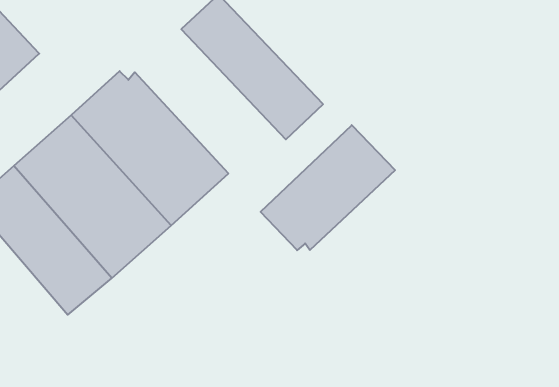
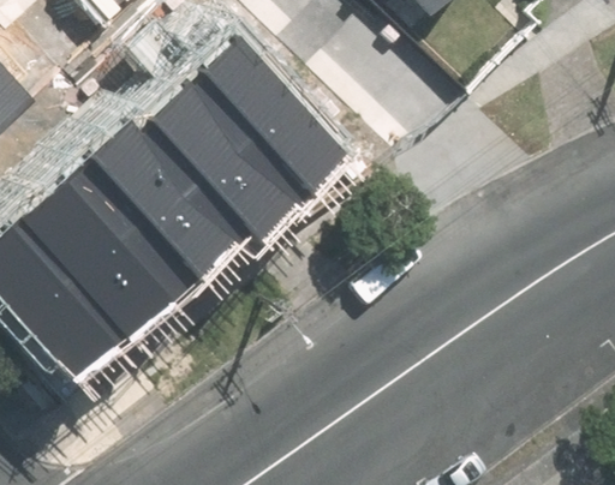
building: none -> [148,74,312,244]
building: [261,125,395,250] -> none

